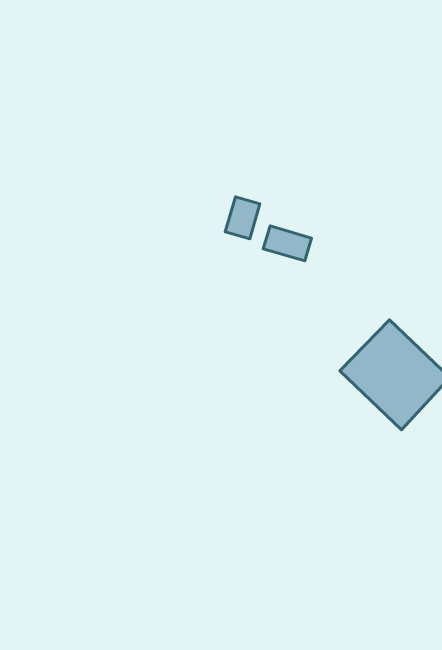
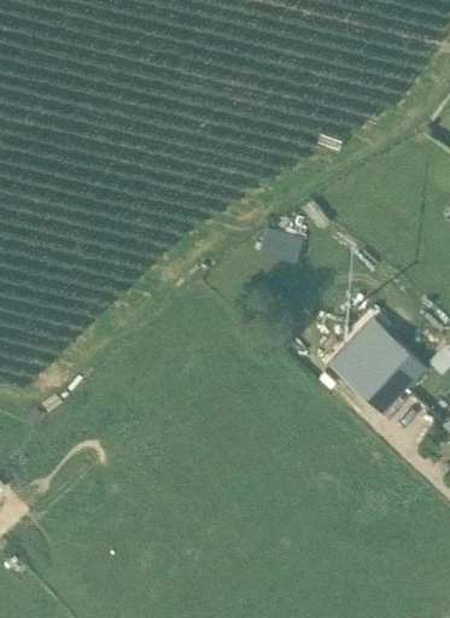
building: [225,197,260,239] -> none

